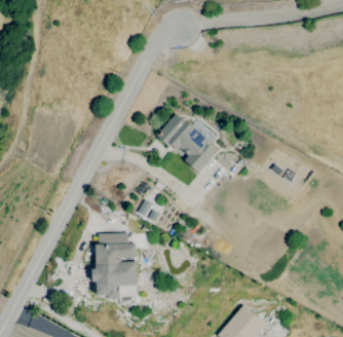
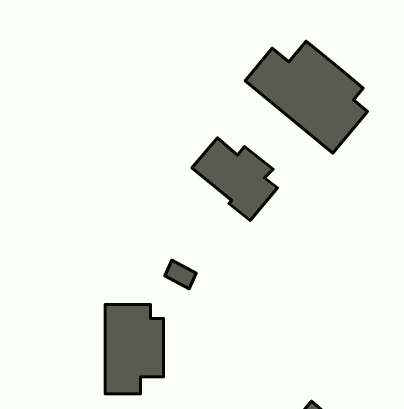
building: none -> [245,41,367,153]

